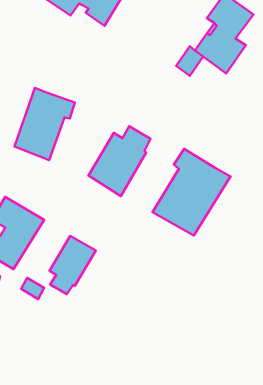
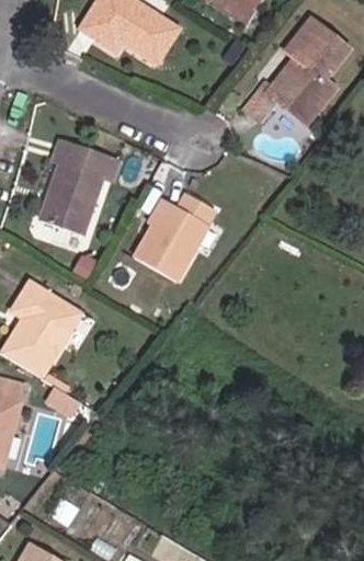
building: [153,149,230,236] -> none
building: [49,236,96,294] -> none

